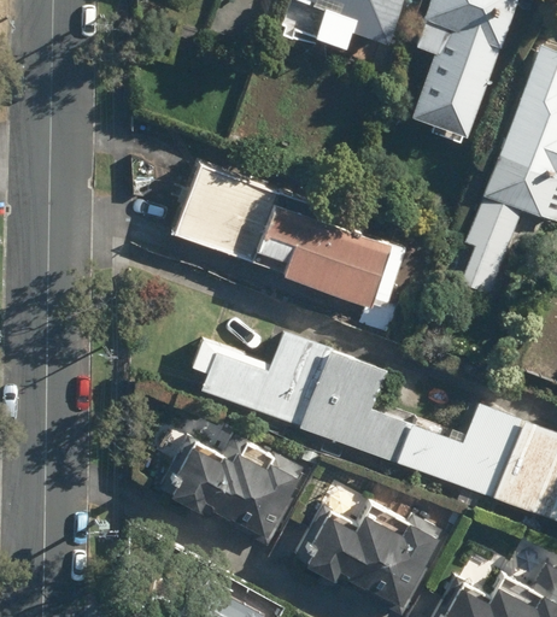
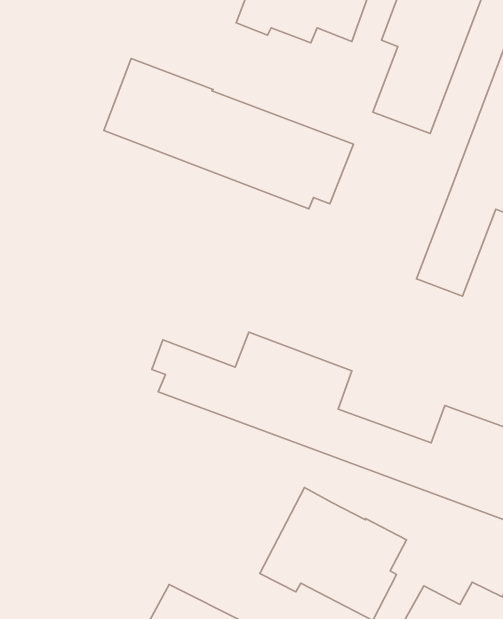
building: [168,168,410,313] -> [104,58,353,209]
building: [165,431,306,540] -> none

